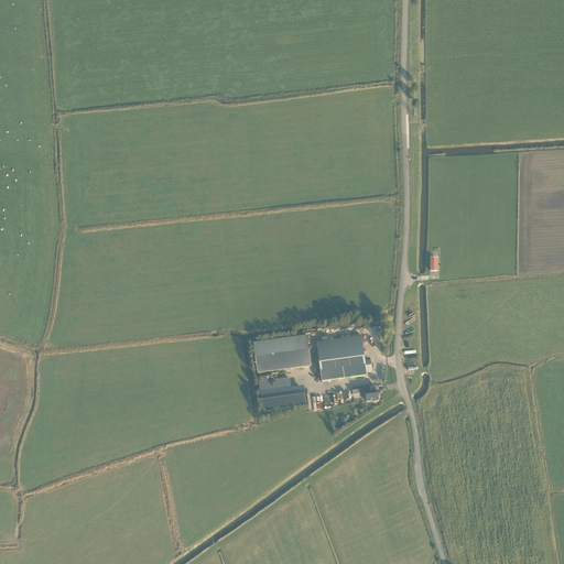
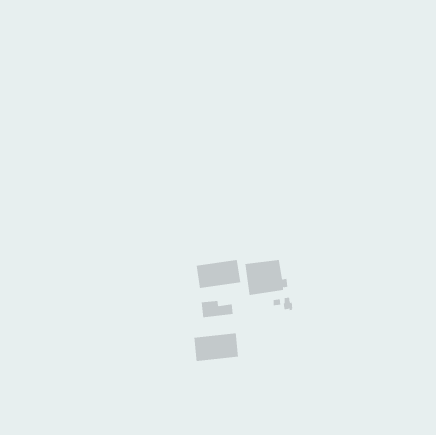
building: none -> [194,333,239,362]

